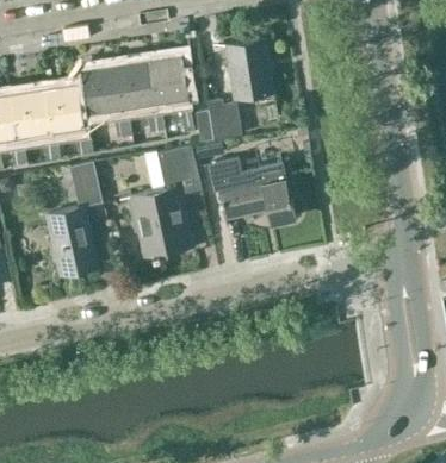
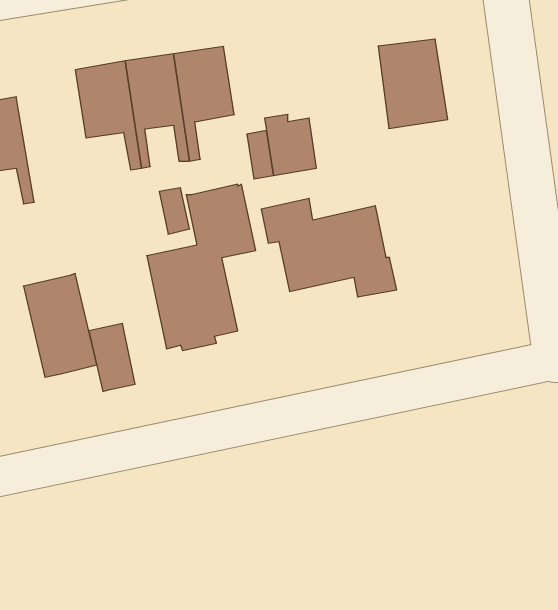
building: [227,39,273,99] -> [378,39,448,128]
building: [42,85,92,159] -> none
building: [68,163,99,208] -> [89,324,135,391]

